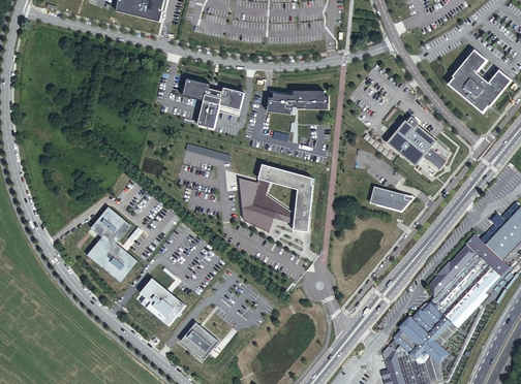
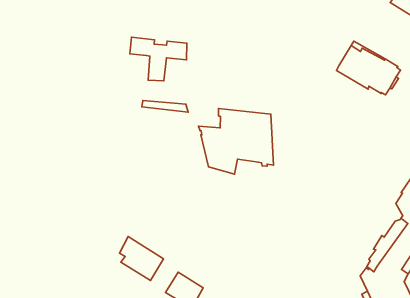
building: [269,90,329,114] -> none
building: [370,186,410,211] -> none
building: [86,204,136,281] -> none

